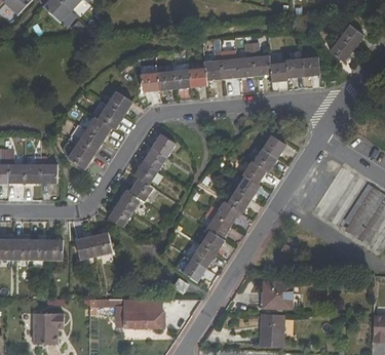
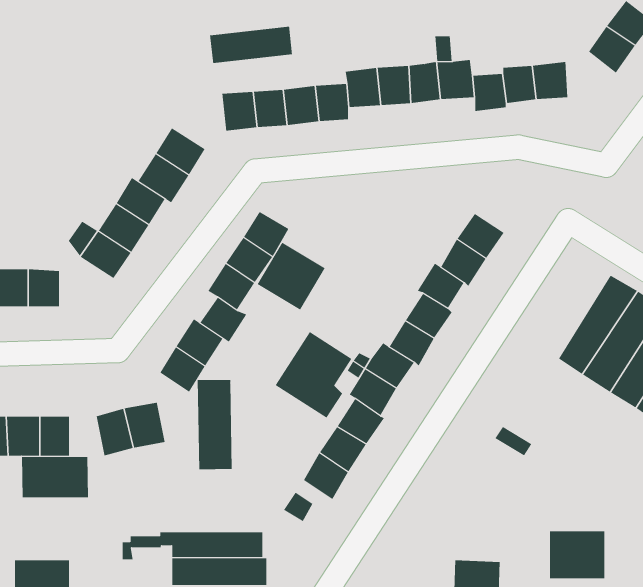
building: none -> [210,26,293,64]
building: none -> [257,242,325,310]
building: none -> [275,331,352,419]
building: none -> [197,379,232,470]
building: none -> [22,456,89,498]
building: [263,282,292,307] -> [549,531,605,579]

